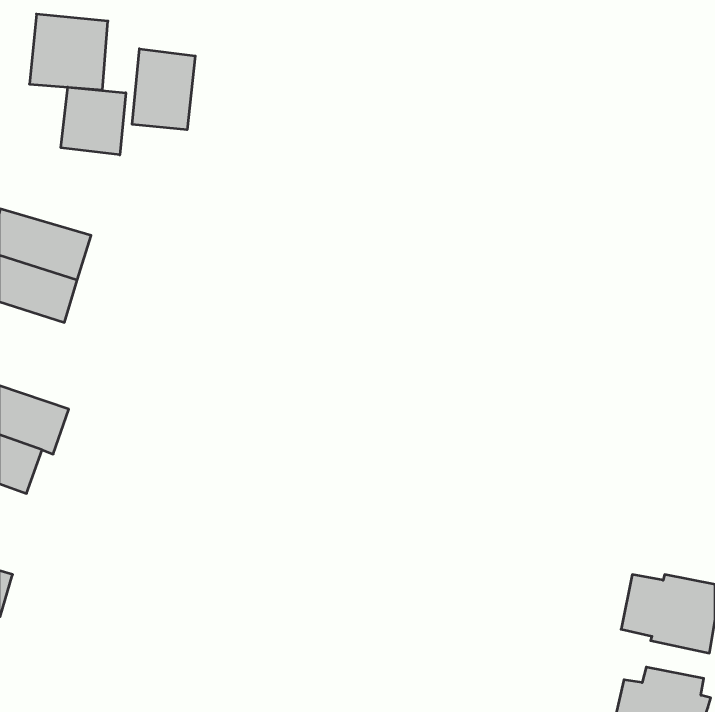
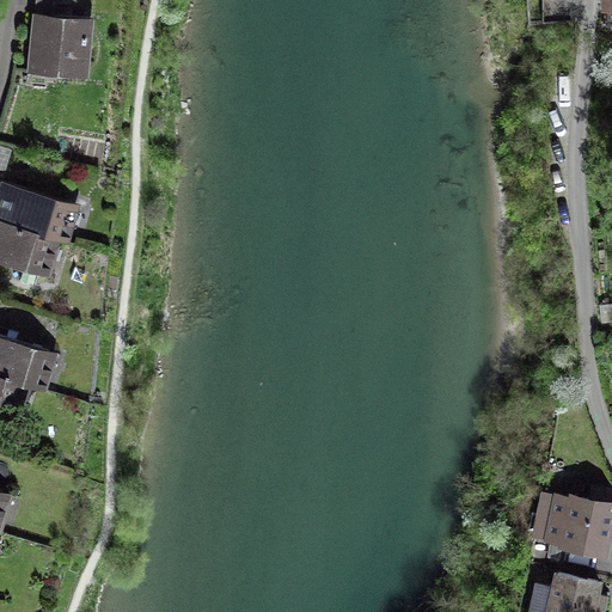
building: [132,49,195,130] -> none
building: [61,87,126,155] -> none

